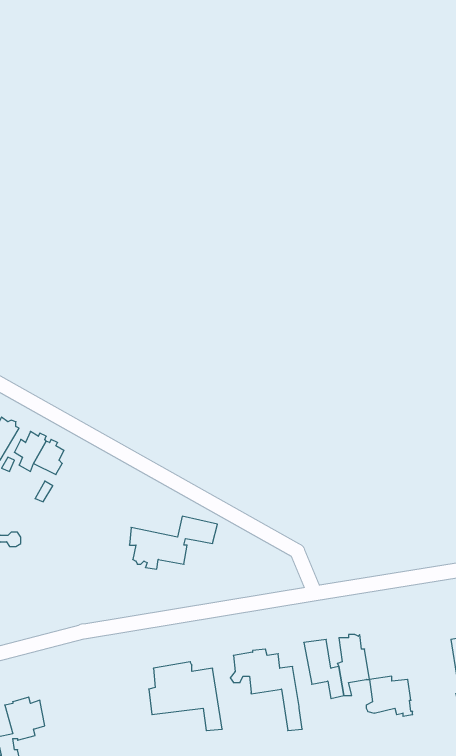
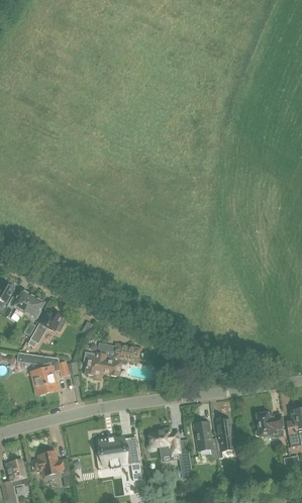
building: none -> [28,310,67,346]
building: none -> [31,355,73,394]
building: [366,676,413,716] -> [255,413,284,438]
building: none -> [32,452,71,477]

